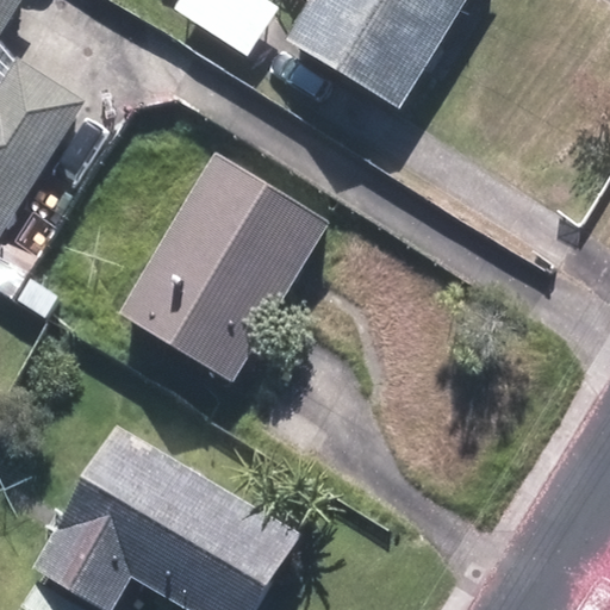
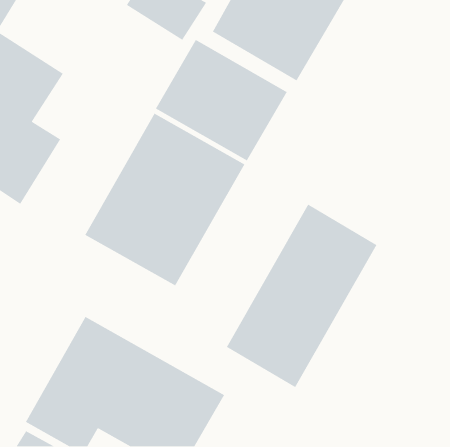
building: none -> [155,39,288,162]
building: none -> [226,204,378,388]

